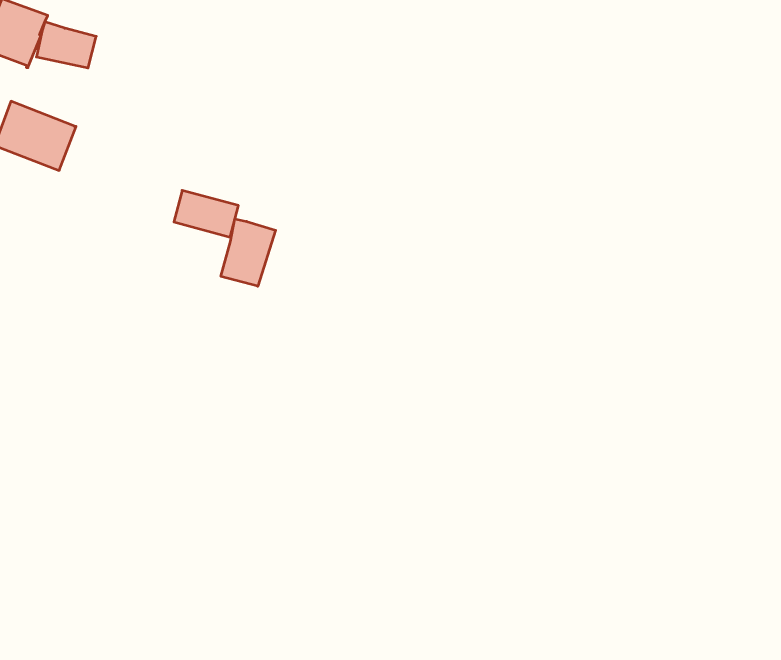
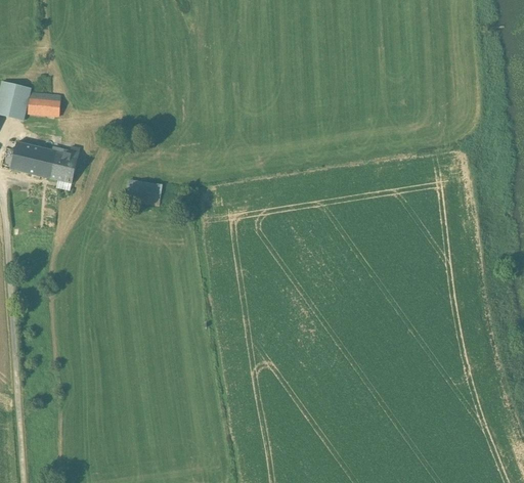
building: none -> [50,147,78,189]
building: [221,219,276,286] -> none

